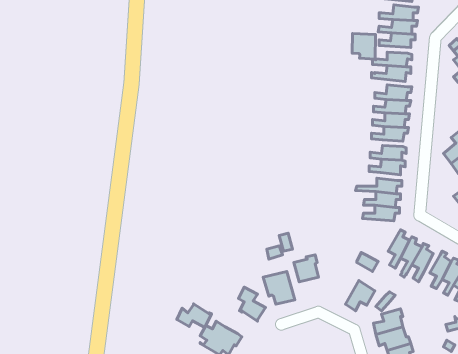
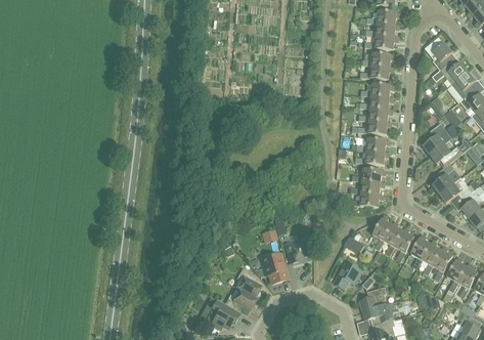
building: [352,33,376,59] -> none
building: [177,304,212,327] -> [224,289,256,310]

